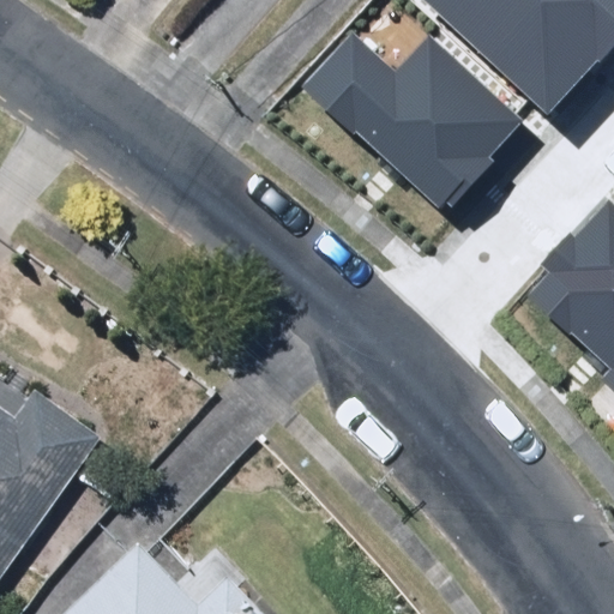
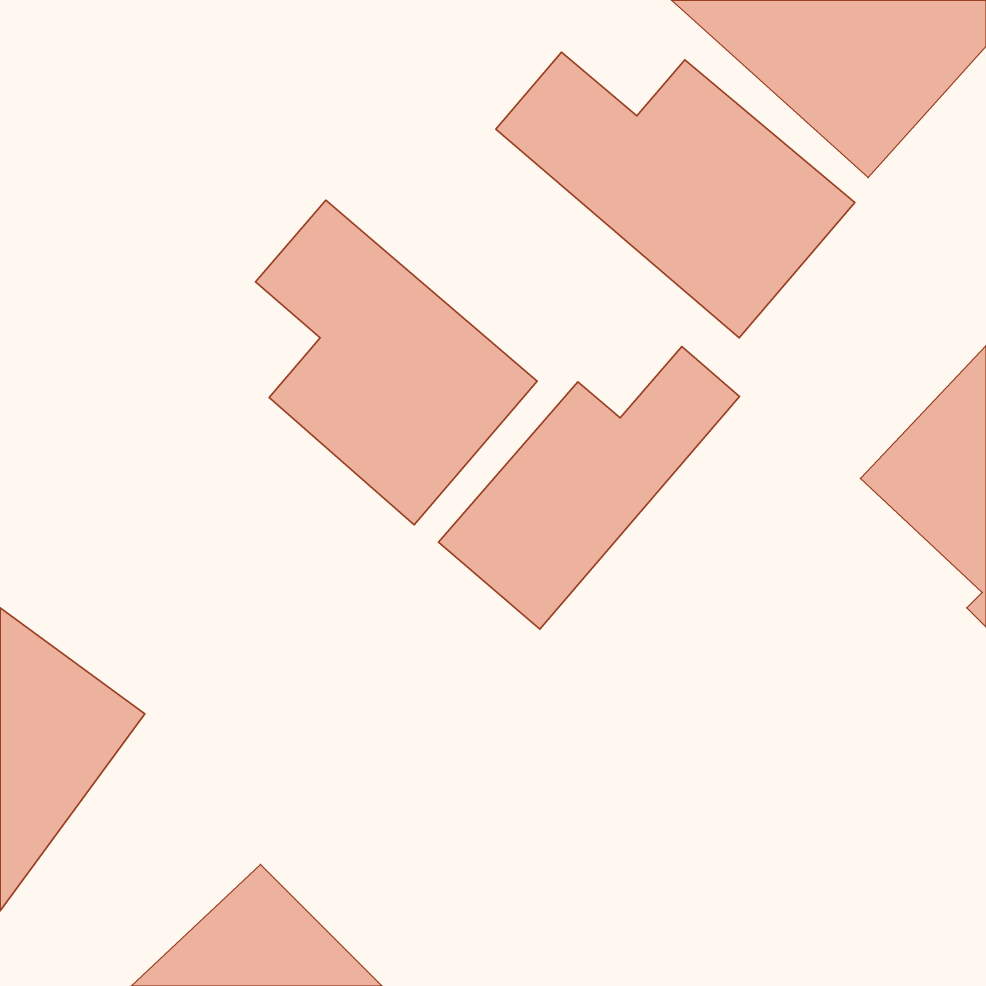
building: none -> [256,200,537,525]
building: none -> [439,347,739,629]

